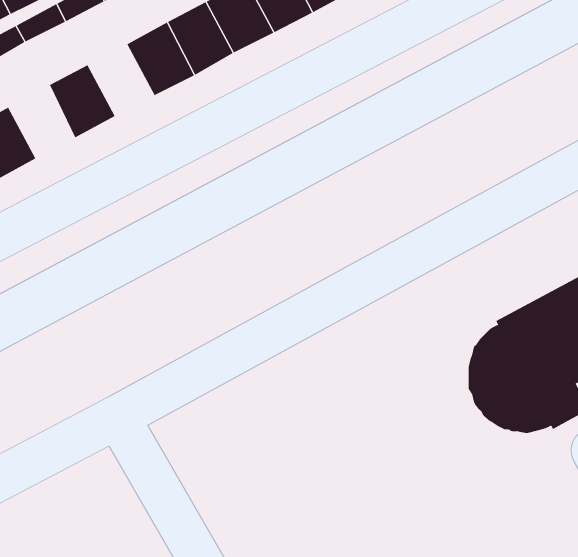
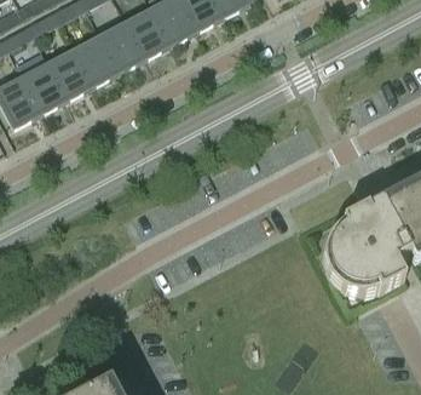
building: none -> [76,36,120,84]
building: none -> [24,63,68,111]

